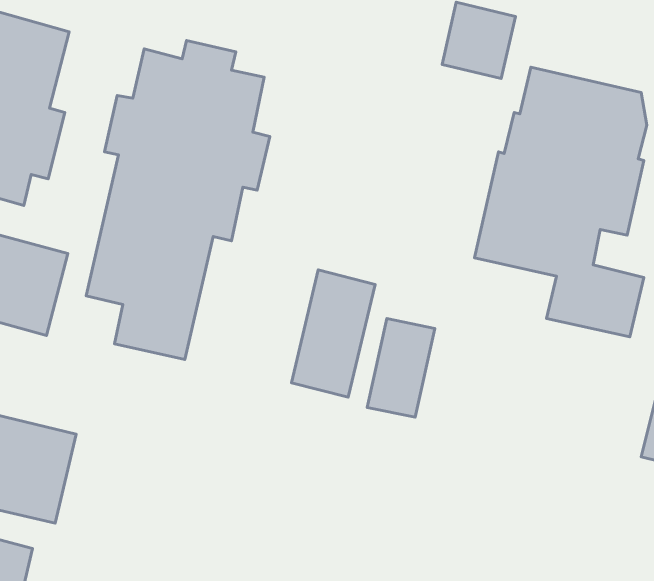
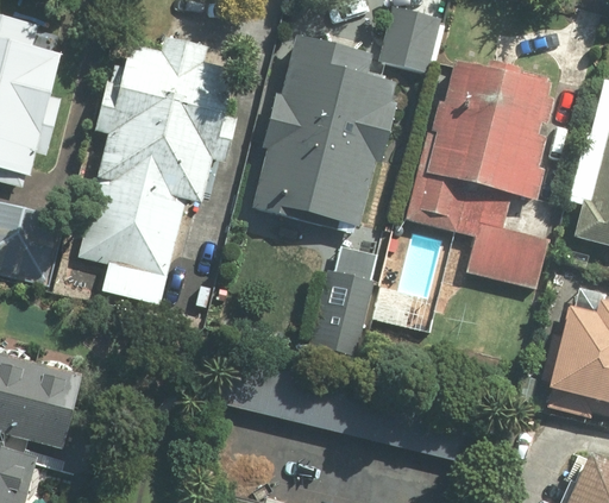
building: none -> [252,37,397,230]
building: [291,270,375,397] -> none

